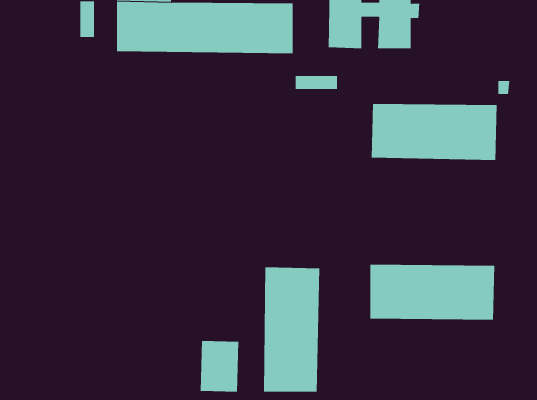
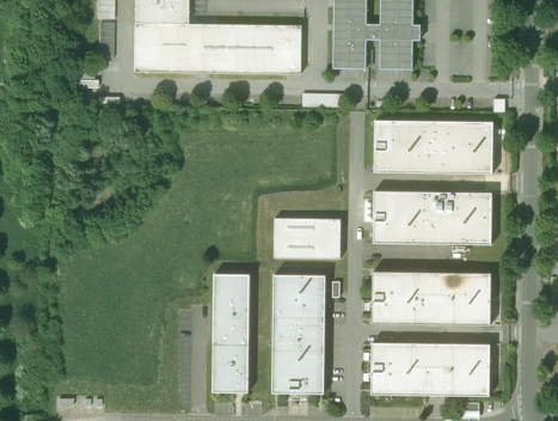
building: none -> [373,190,492,244]
building: none -> [275,218,341,258]
building: none -> [214,273,251,344]
building: none -> [372,342,490,395]

